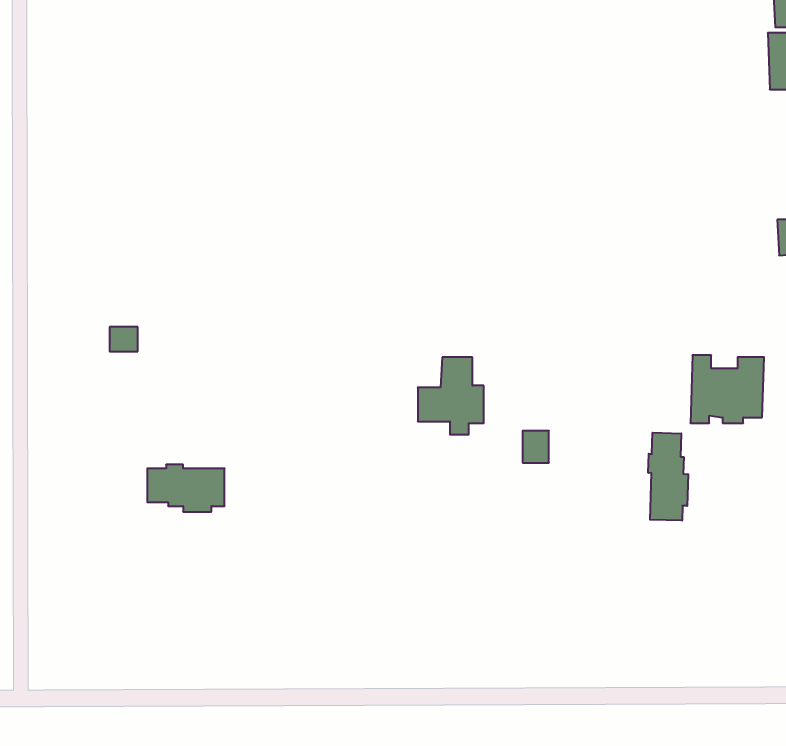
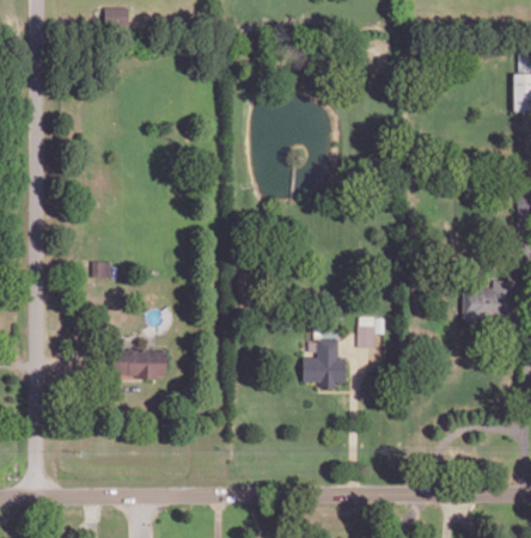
building: [418,357,484,435] -> [303,340,344,389]
building: [648,433,688,521] -> none

